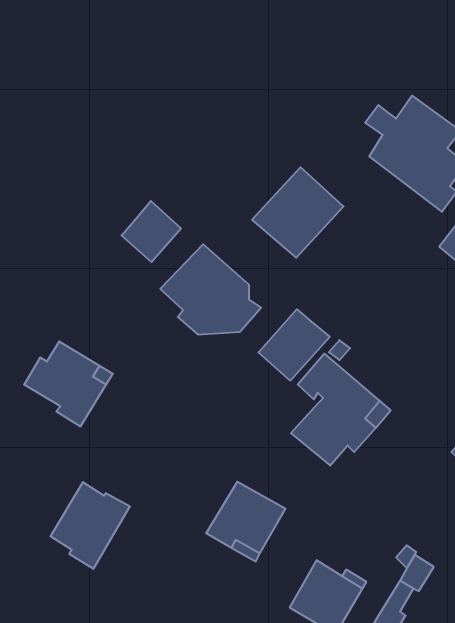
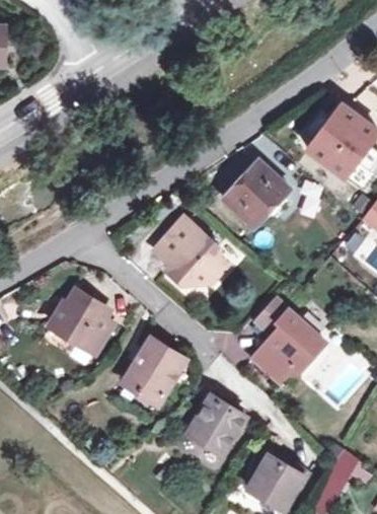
building: [121,201,181,262] -> none
building: [258,309,330,381] -> none
building: [50,482,130,569] -> [125,340,184,405]

